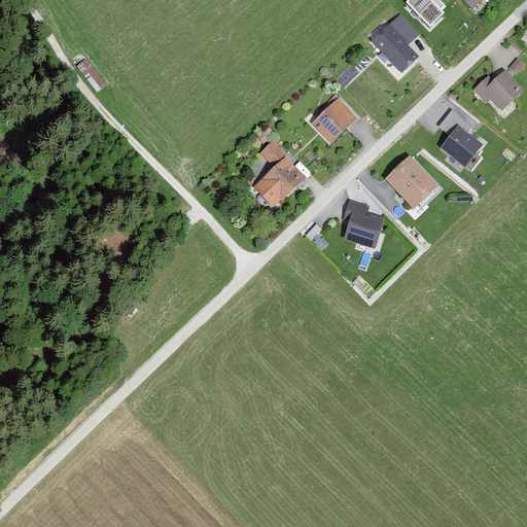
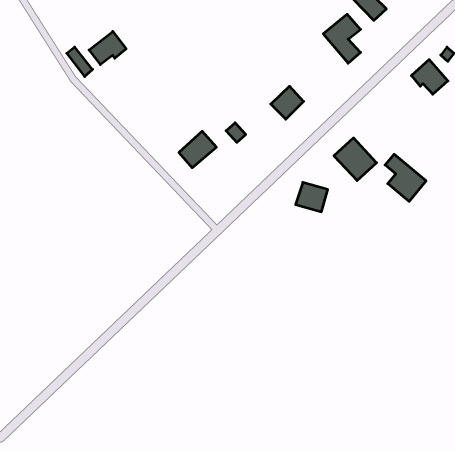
building: none -> [89,31,126,65]
building: [440,110,487,165] -> [385,154,426,201]
building: [255,162,298,204] -> [179,131,216,168]

